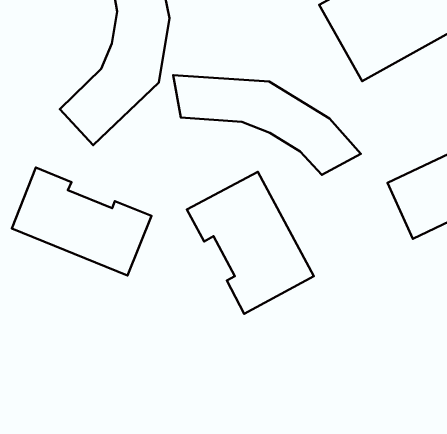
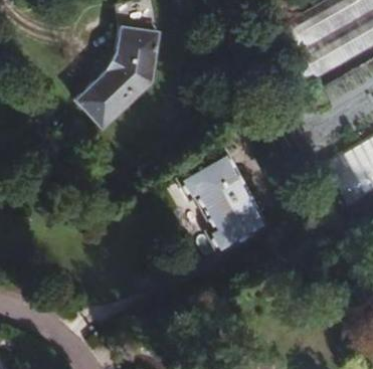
building: [173,75,361,175] -> none
building: [12,168,152,275] -> none

